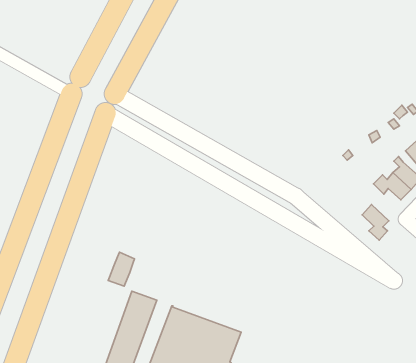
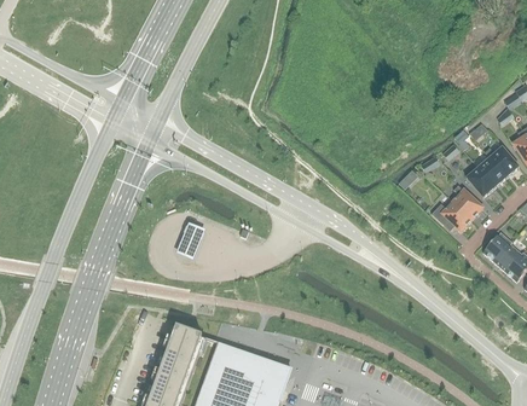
building: [362,204,389,240] -> none
building: [108,252,134,286] -> [176,219,204,255]

